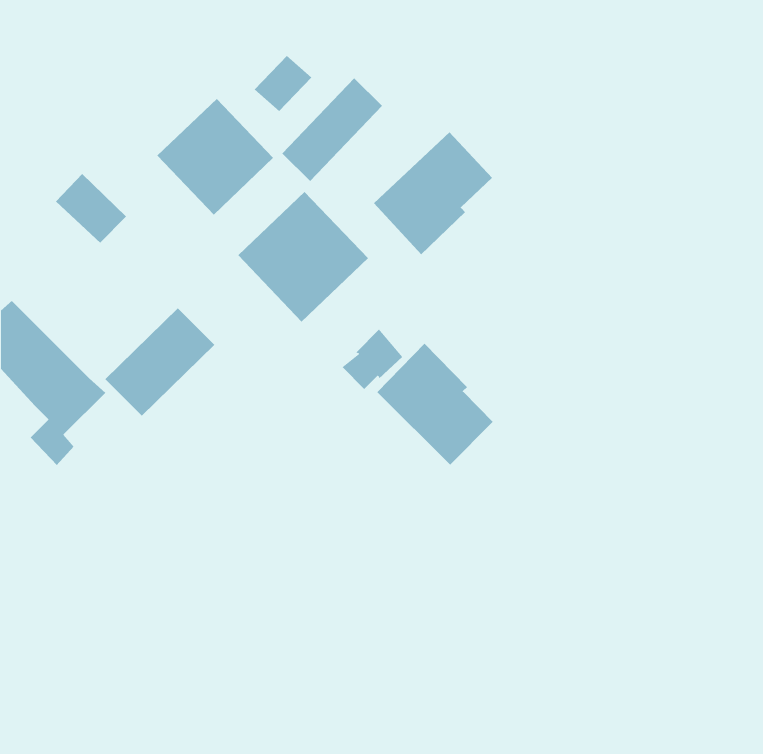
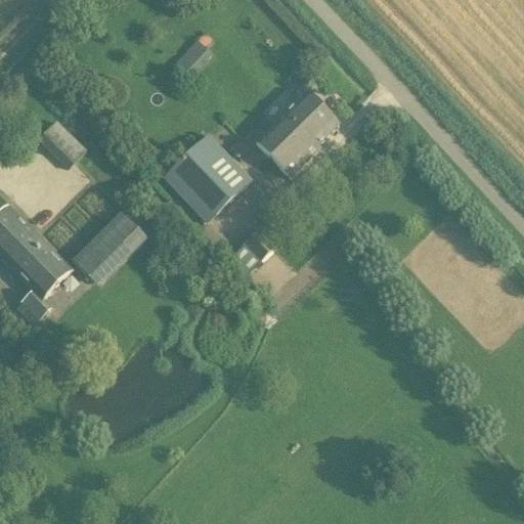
building: [281,78,383,182] -> none
building: [156,98,274,216] -> none
building: [377,343,494,466] -> none

